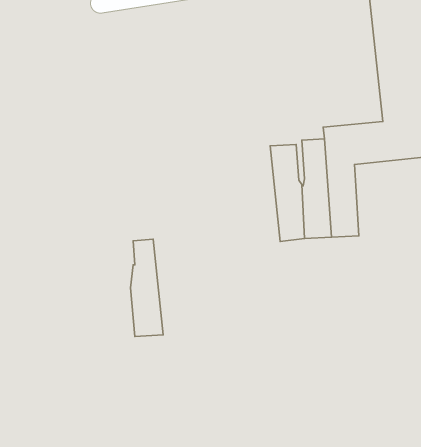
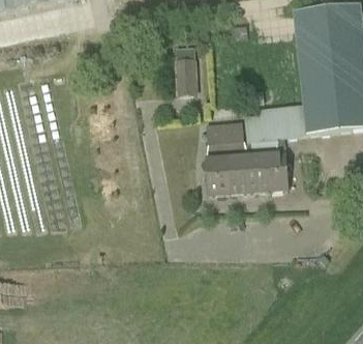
building: none -> [175,56,198,92]
building: [130,239,163,336] -> [206,121,230,192]

